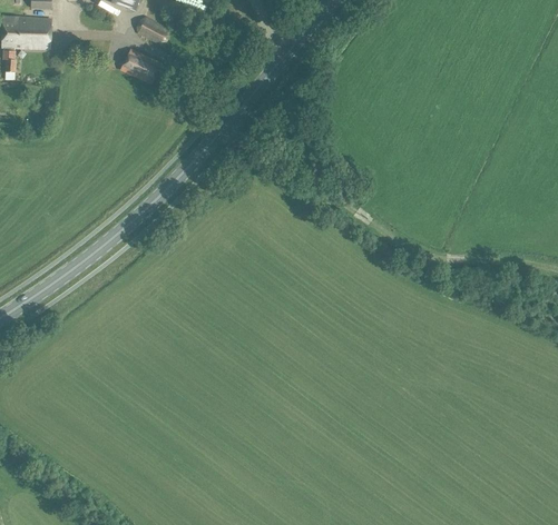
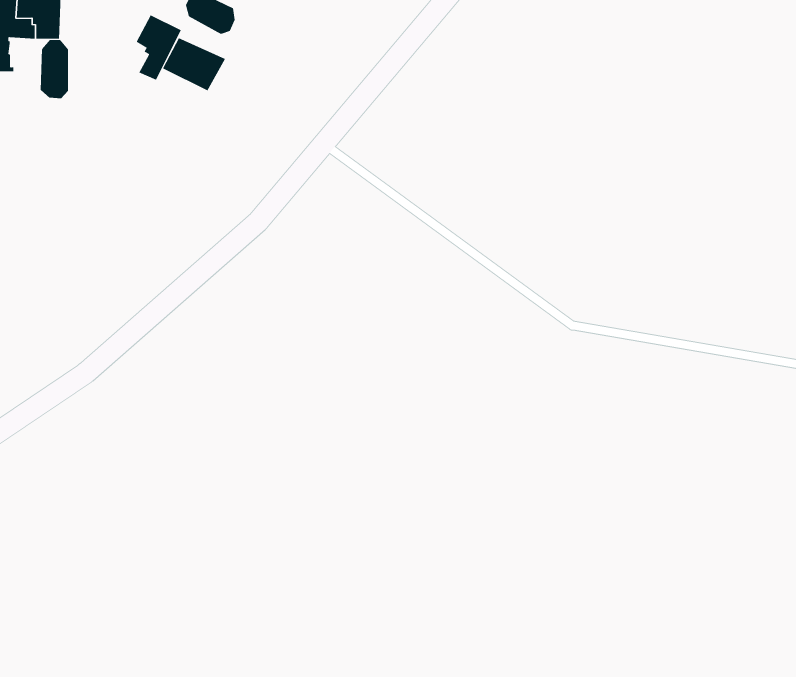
building: none -> [136,14,182,81]
building: none -> [40,39,69,99]

